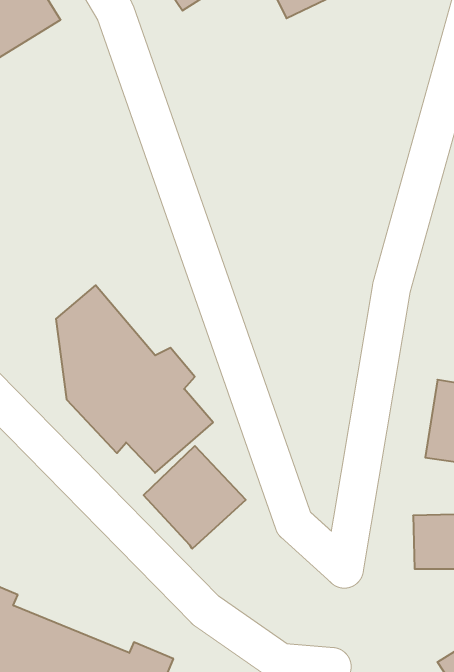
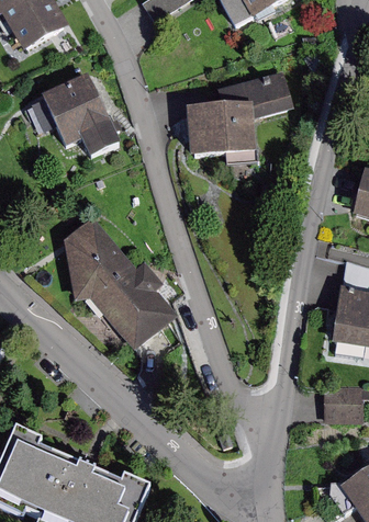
building: none -> [187,64,294,150]
building: none -> [41,76,119,155]
building: [144,446,246,549] -> none

